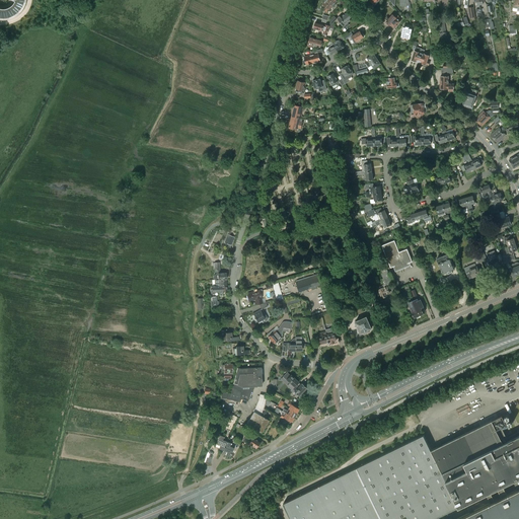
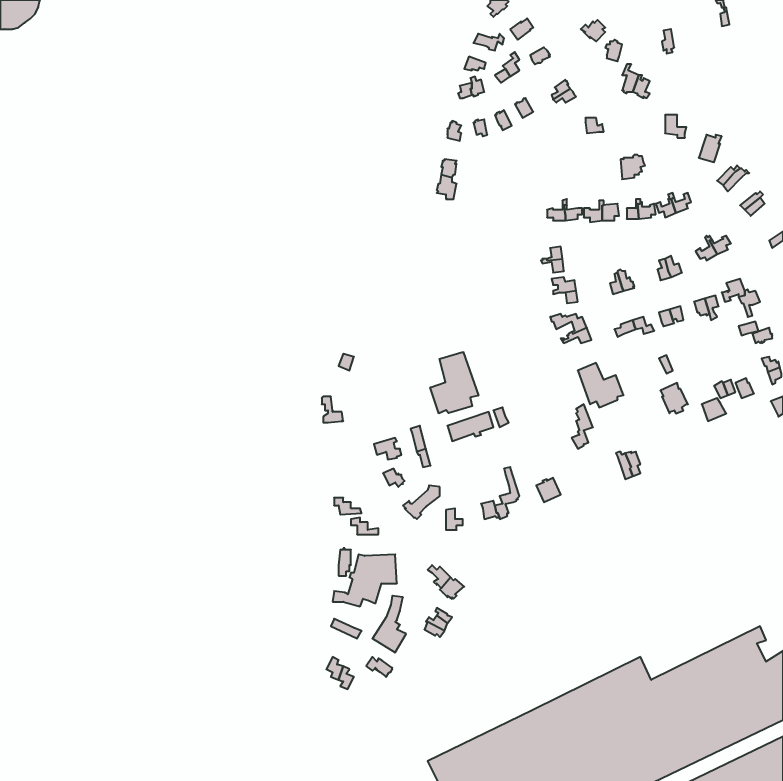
building: none -> [430,352,478,413]

